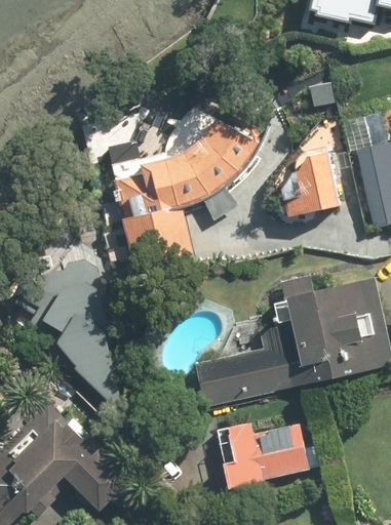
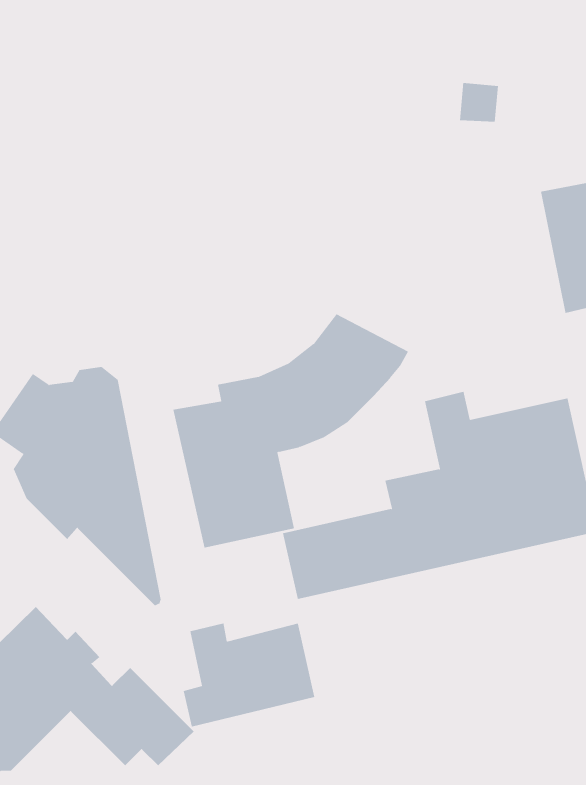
building: [114,119,261,265] -> [172,314,409,548]
building: [283,152,339,214] -> none
building: [226,422,308,487] -> [183,623,315,727]

